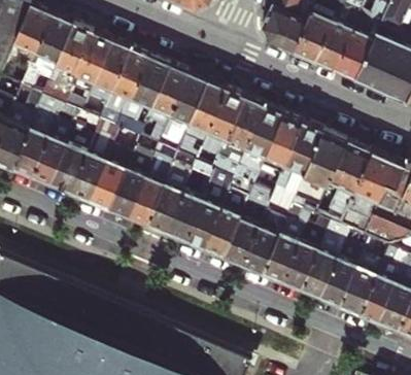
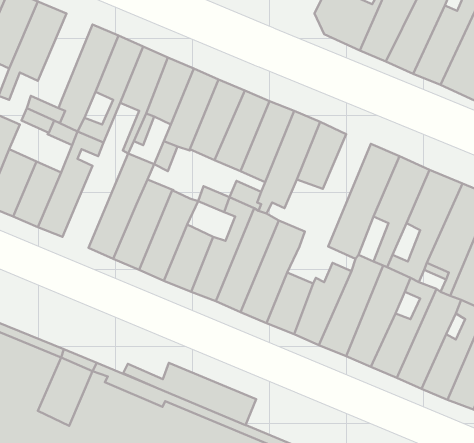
building: [49,26,93,92] -> none
building: [248,116,302,209] -> none
building: [70,123,119,202] -> none
building: none -> [123,363,256,425]

